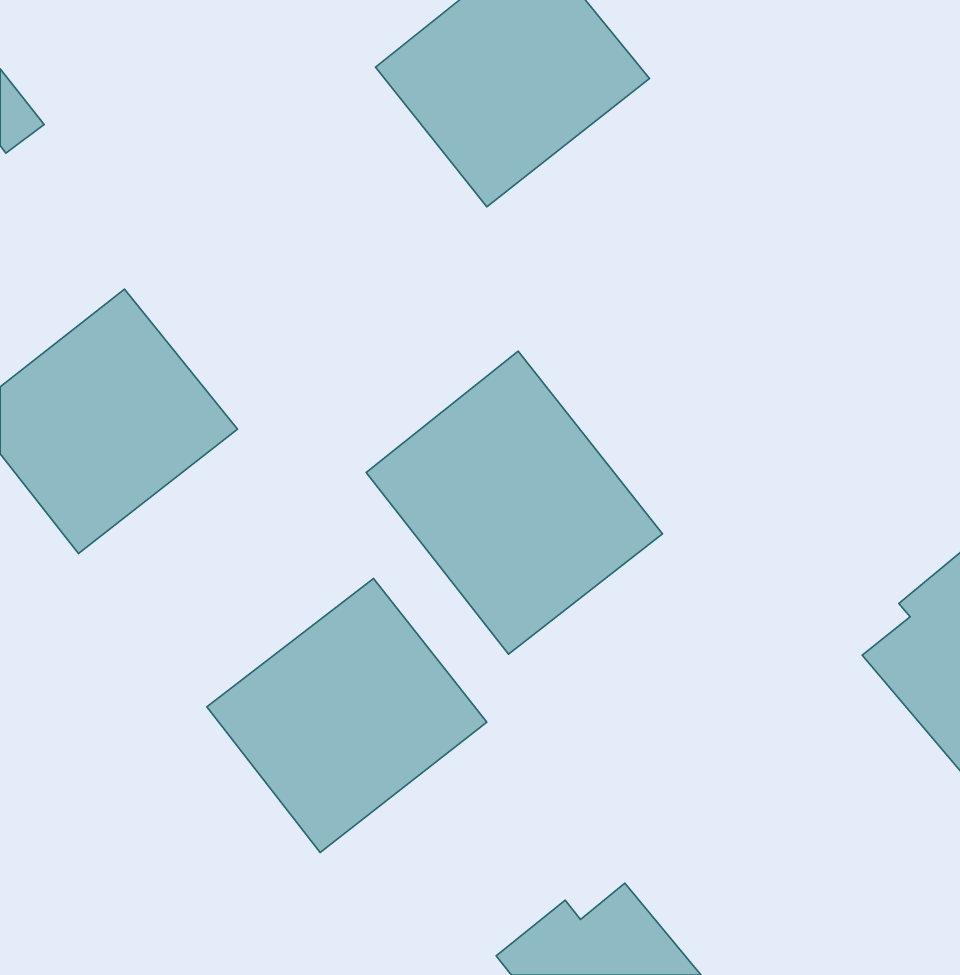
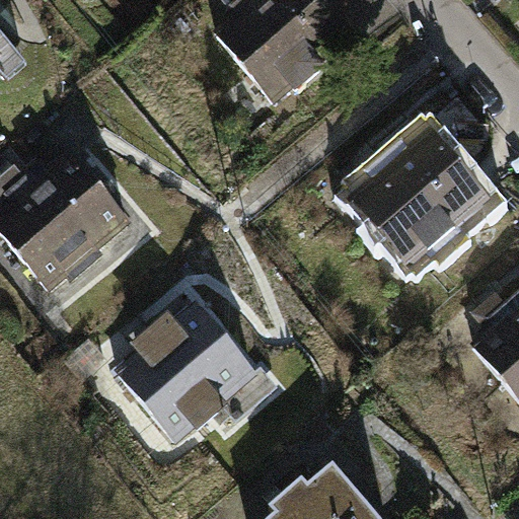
building: none -> [349,132,486,269]
building: [366,351,662,654] -> none

